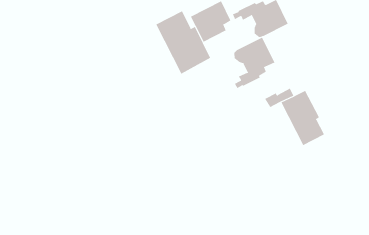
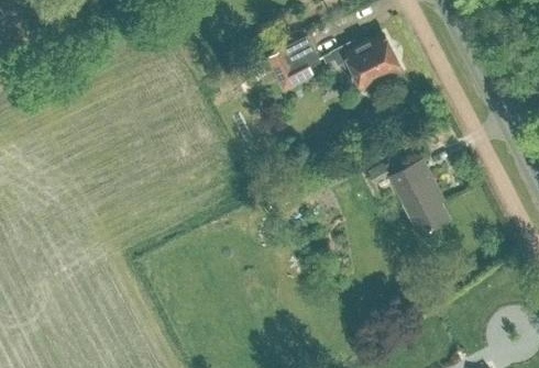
building: [156,11,211,74] -> none
building: [234,37,275,89] -> none

